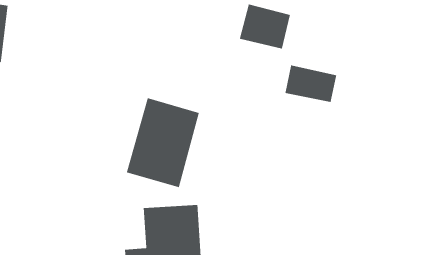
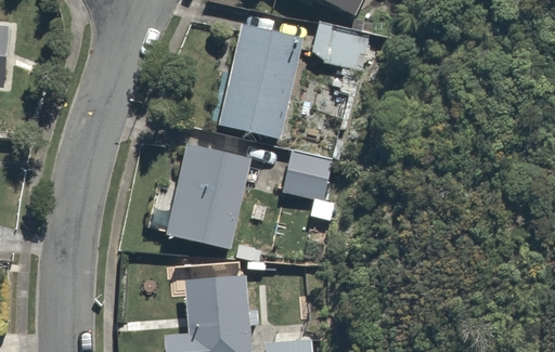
building: none -> [217,19,304,142]
building: [284,65,337,103] -> [282,155,349,204]

